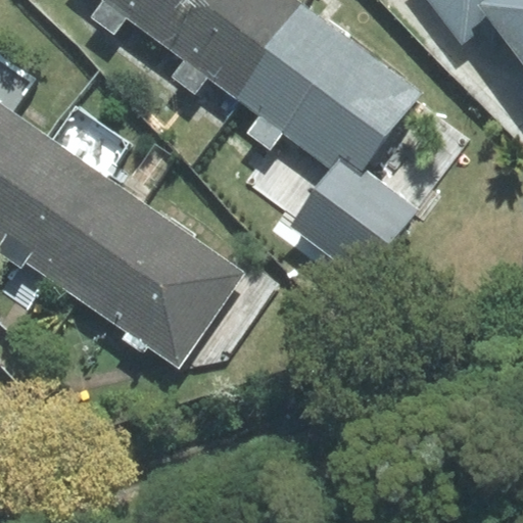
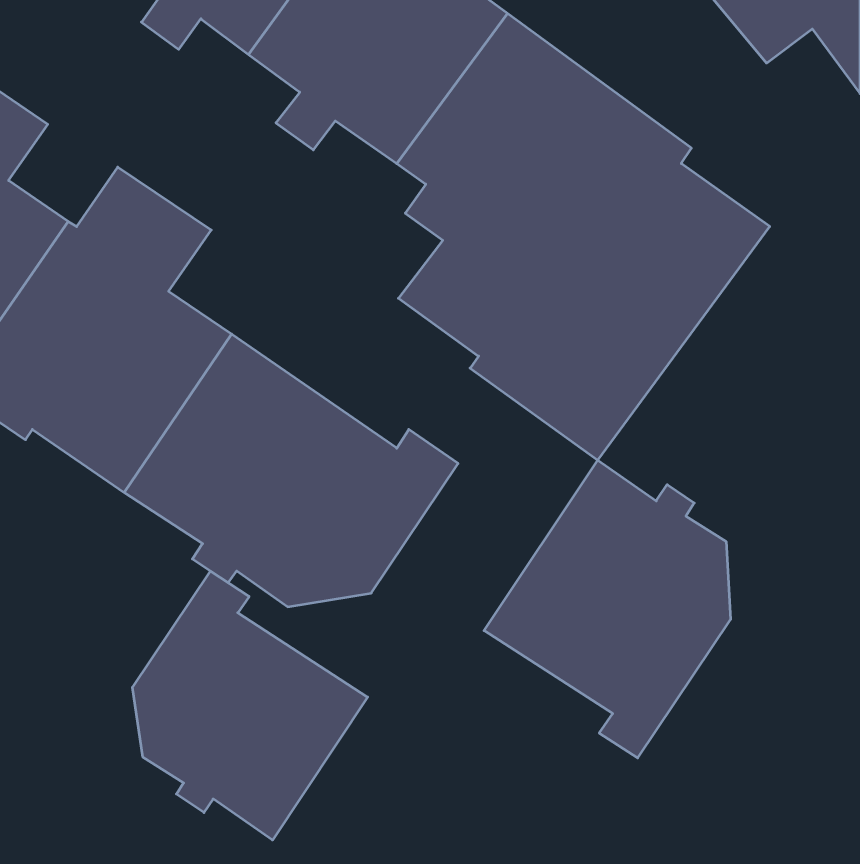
building: none -> [484,460,731,758]
building: none -> [132,571,368,840]

